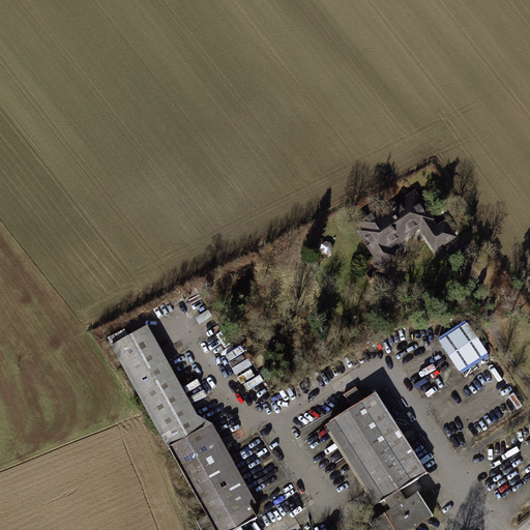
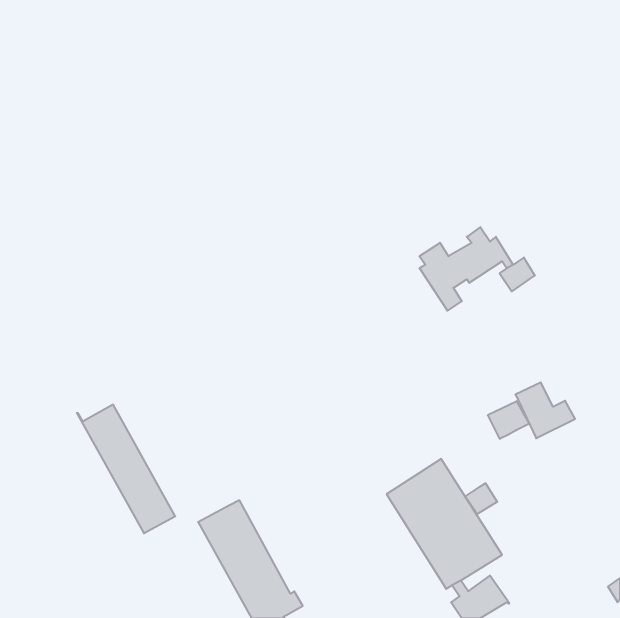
building: [112,335,196,445] -> [77,405,175,533]
building: none -> [488,401,529,439]
building: none -> [465,483,497,514]

